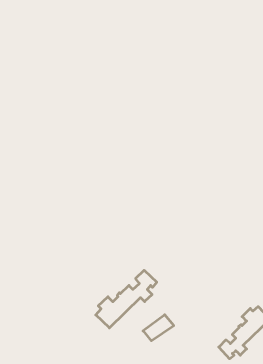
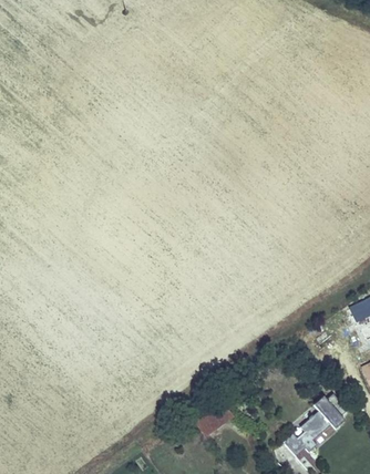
building: [96,270,157,328] -> none

